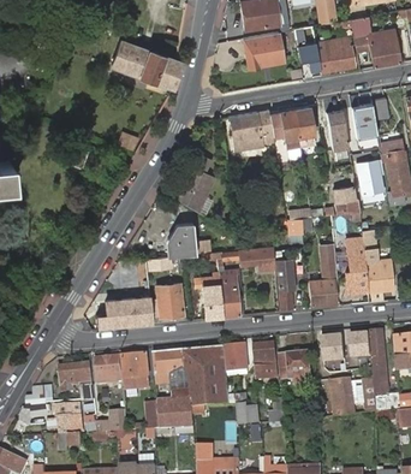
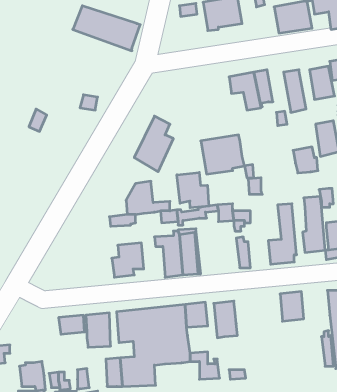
building: [230,109,274,149] -> [201,135,244,174]
building: none -> [177,172,209,208]
building: [97,292,153,326] -> none
building: [349,331,371,357] -> none
building: [279,350,312,391] -> none
building: [59,361,94,399] -> none
building: [332,378,355,414] -> none

